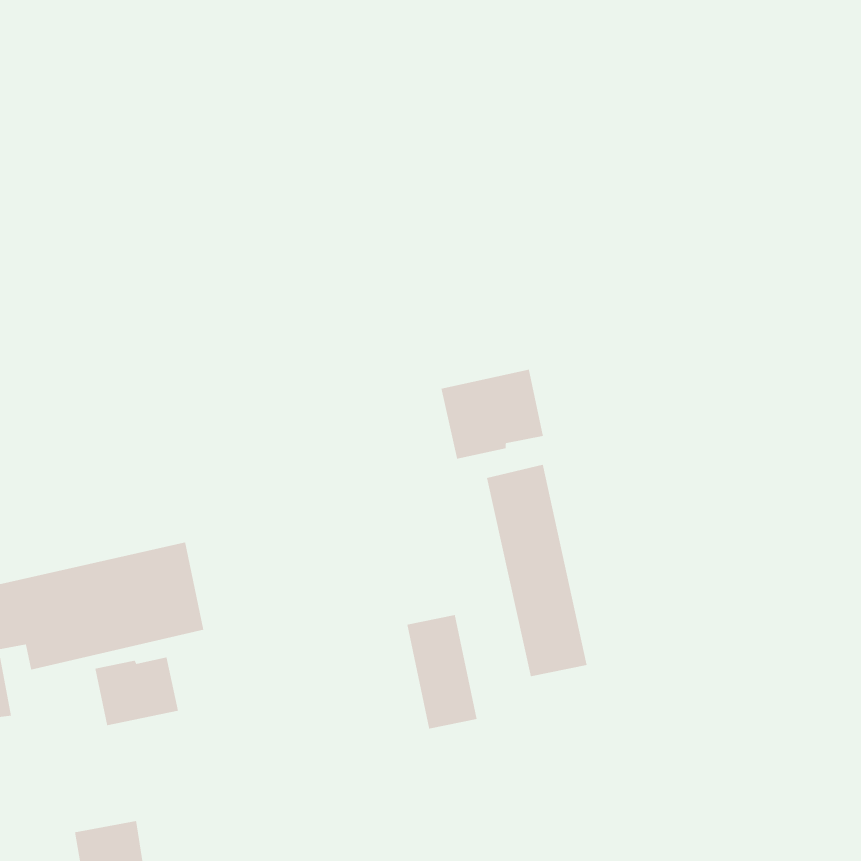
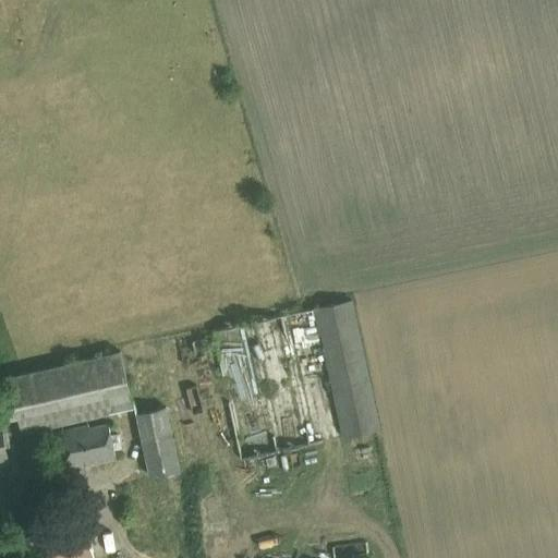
building: [441,369,543,460] -> none
building: [406,614,477,729] -> [134,409,180,483]

